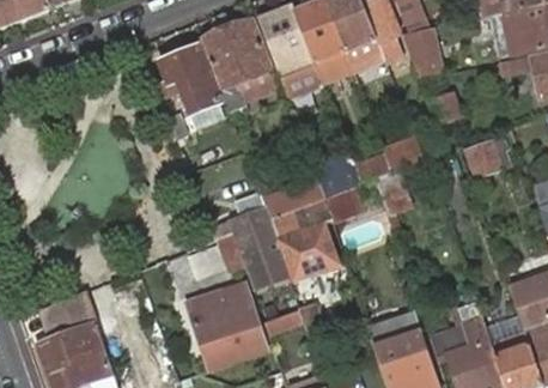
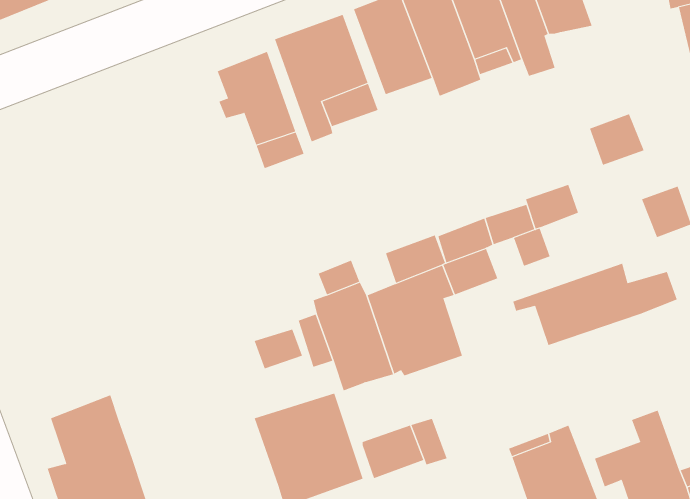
building: [404,28,459,78] -> none
building: none -> [513,263,677,346]

